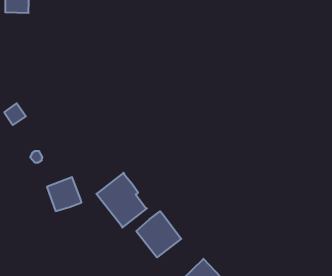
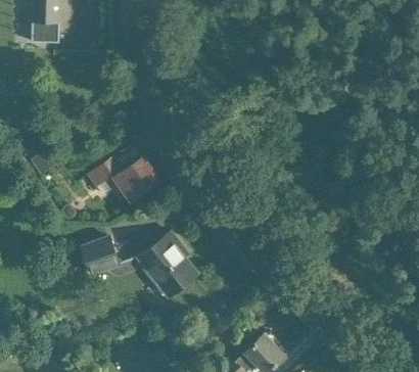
building: none -> [87,155,159,200]
building: [136,211,181,257] -> none

